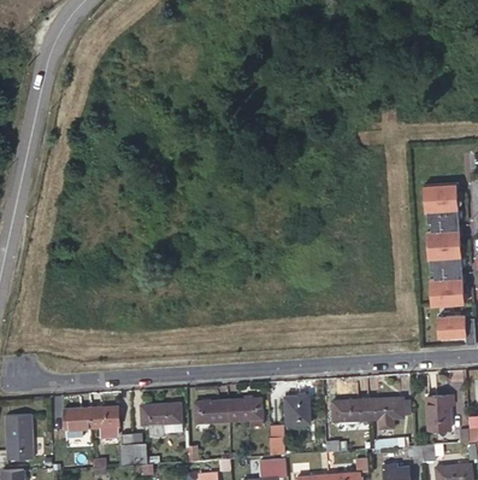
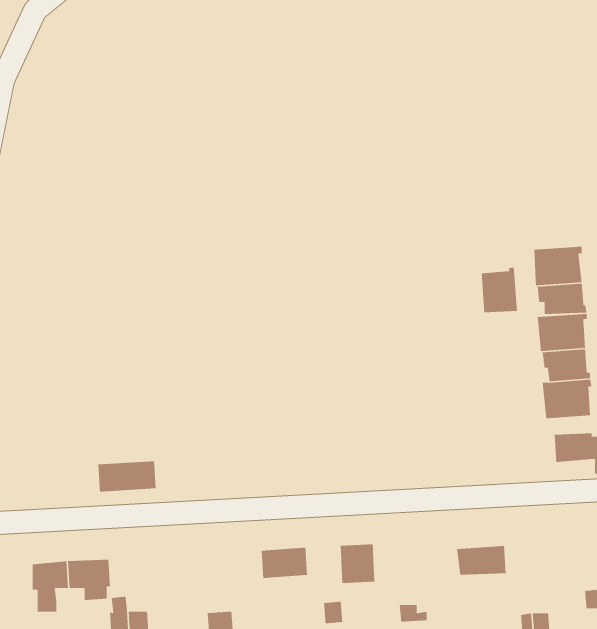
building: none -> [481,267,518,313]
building: [426,393,453,429] -> none
building: [331,399,370,421] -> none
building: [194,400,229,422] -> none
building: [140,403,182,426] -> [98,460,156,492]

